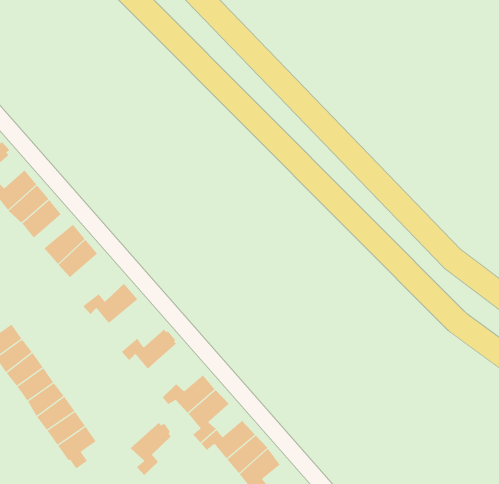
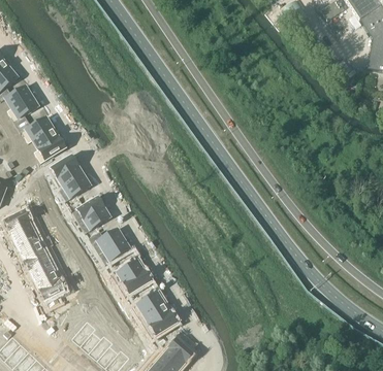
building: none -> [64,173,91,204]
building: none -> [84,205,110,236]
building: [130,422,172,476] -> [103,236,130,268]

